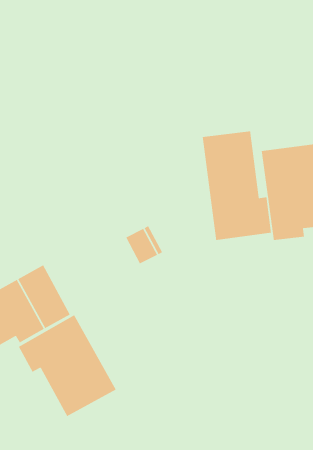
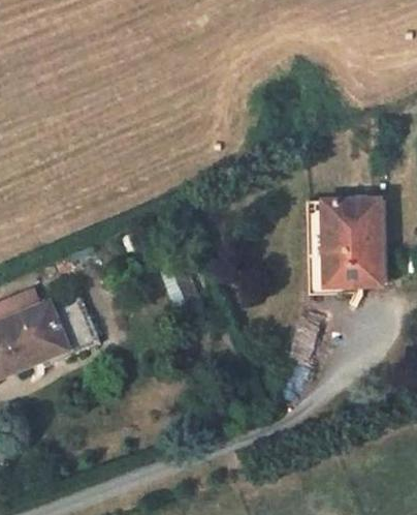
building: [202,131,272,241] -> none
building: [18,314,117,417] -> none

